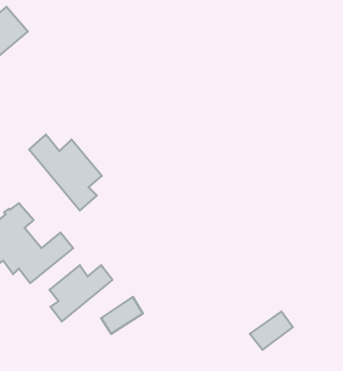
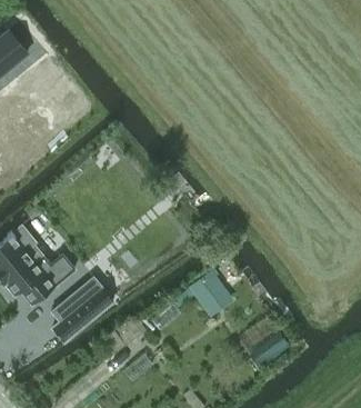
building: [29,135,102,210] -> none
building: none -> [189,267,233,316]

